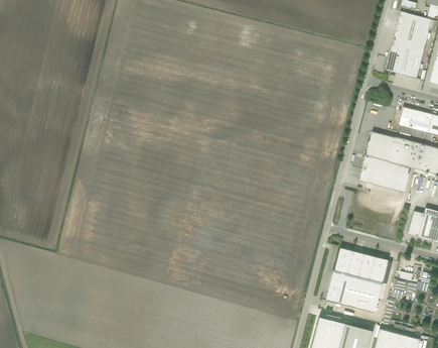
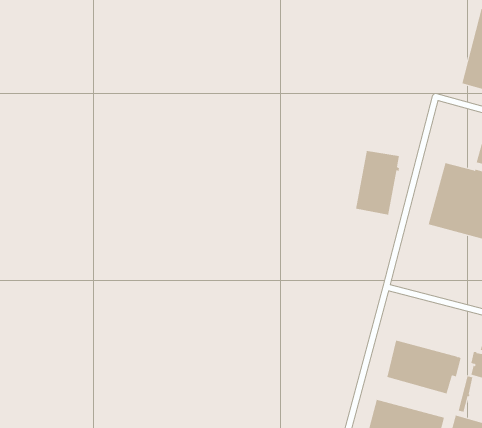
building: none -> [356,150,400,215]
building: [334,246,389,282] -> none

